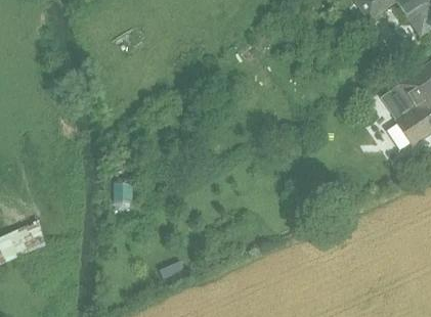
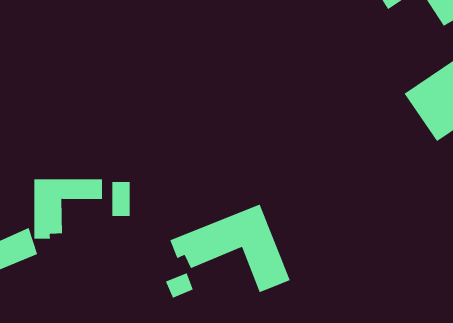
building: none -> [34,178,103,239]
building: none -> [169,204,291,293]

